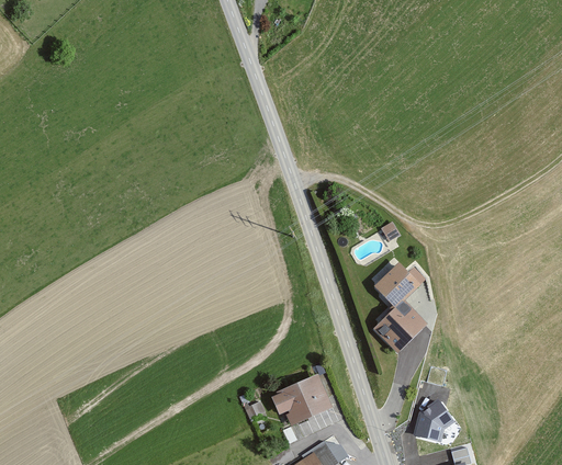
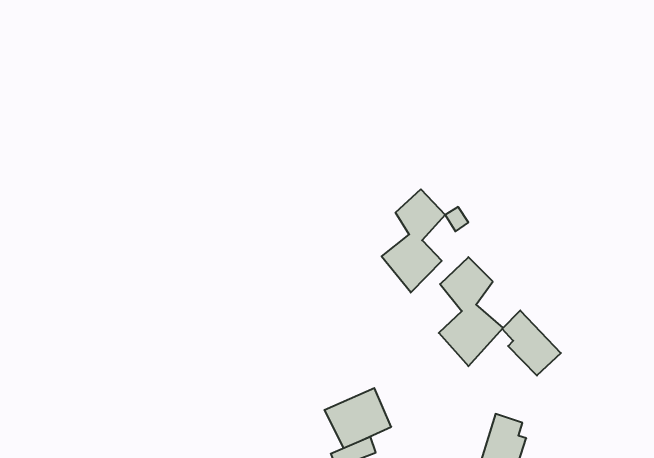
building: none -> [382,189,445,293]
building: none -> [502,310,561,376]

